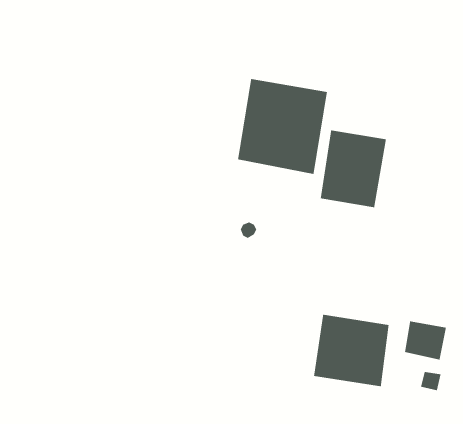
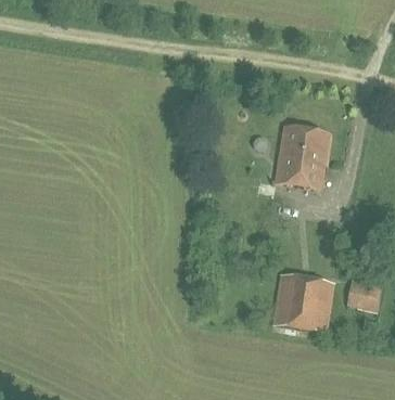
building: [237,78,328,175] -> none

